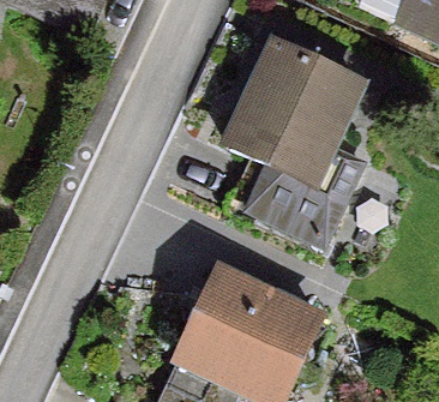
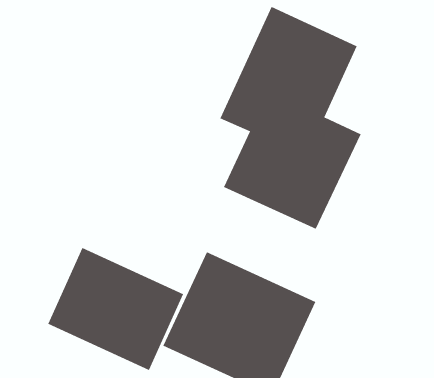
building: none -> [47,247,184,371]

